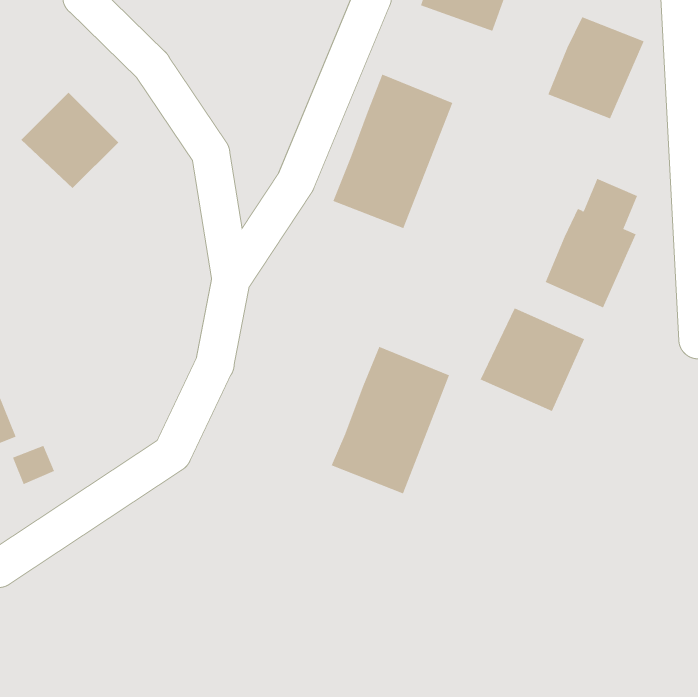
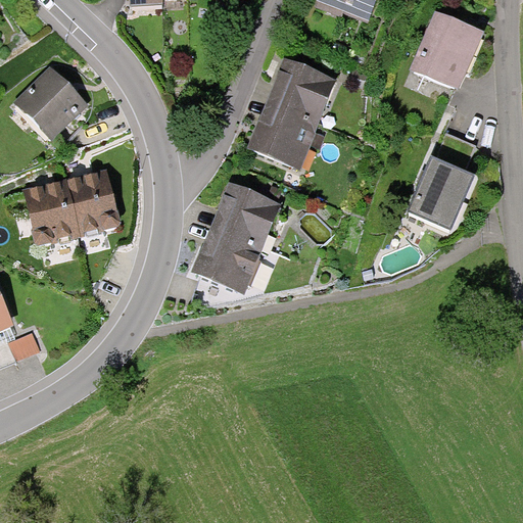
building: none -> [22,171,118,245]
building: [480,308,585,412] -> none
building: [331,346,450,494] -> [192,180,281,290]

